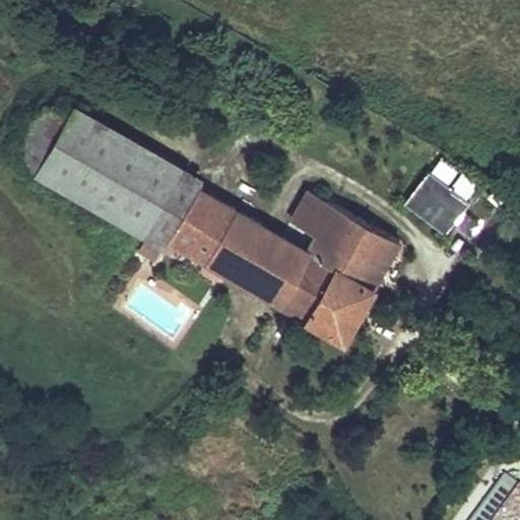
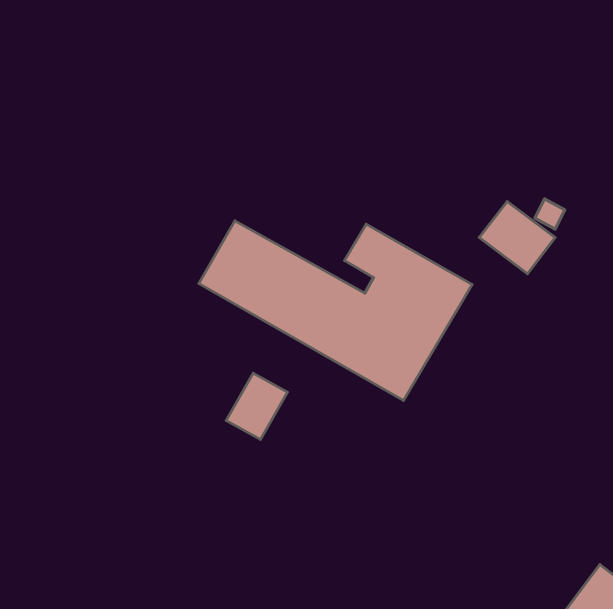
building: [24,110,204,252] -> none
building: none -> [226,373,287,440]

